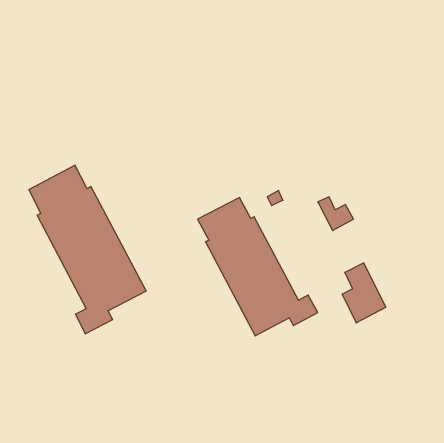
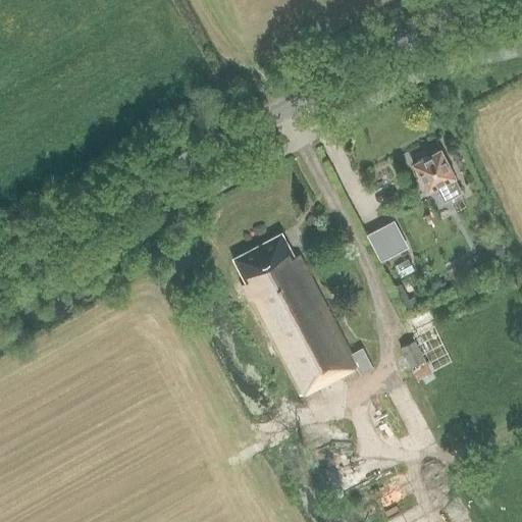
building: none -> [414,148,460,195]
building: [29,165,146,334] -> none

